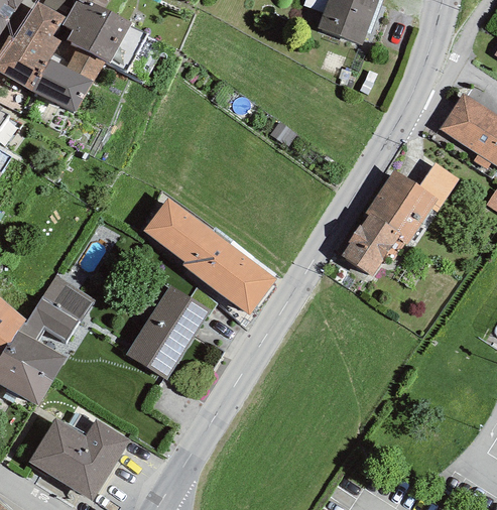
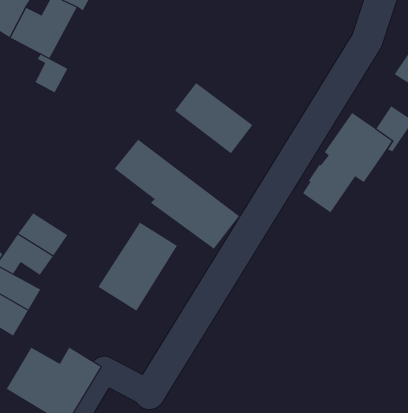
building: none -> [35,54,68,93]
building: none -> [174,82,253,154]

